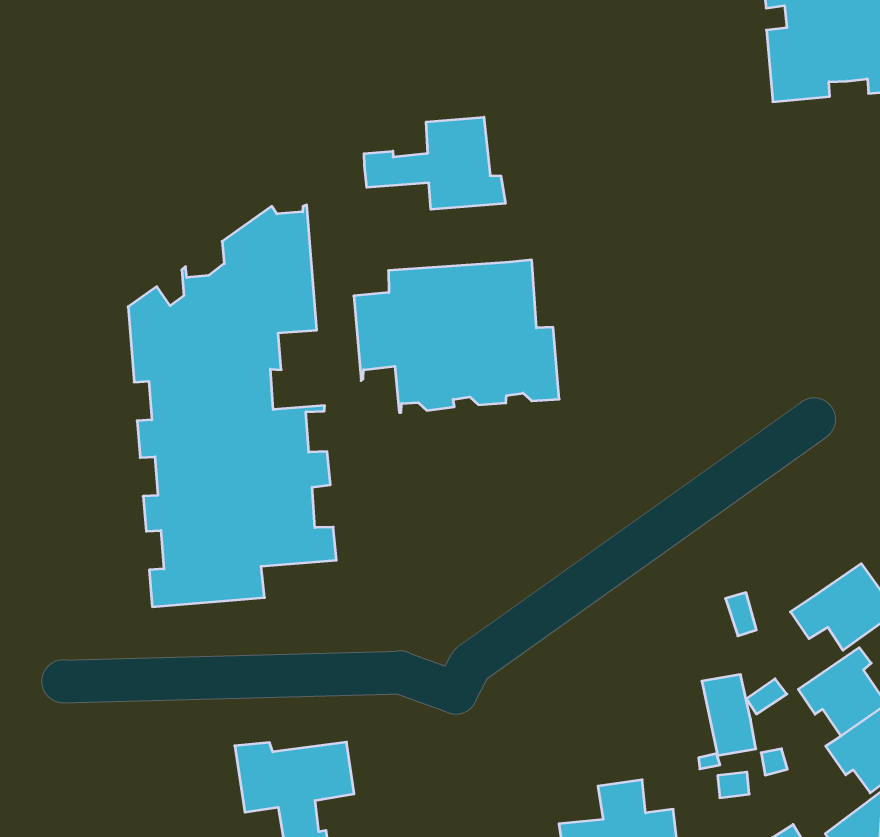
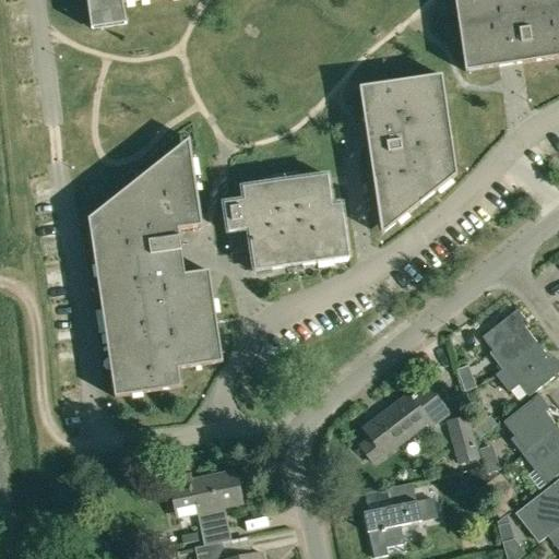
building: none -> [359,73,456,222]
building: [364,117,505,209] -> none
building: none -> [483,308,536,362]
building: none -> [361,382,449,461]

